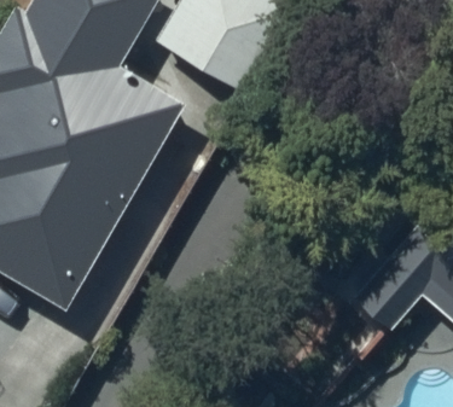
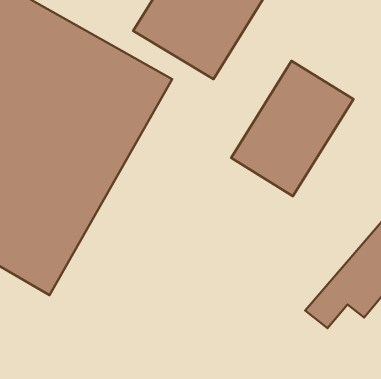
building: none -> [231,61,354,196]

